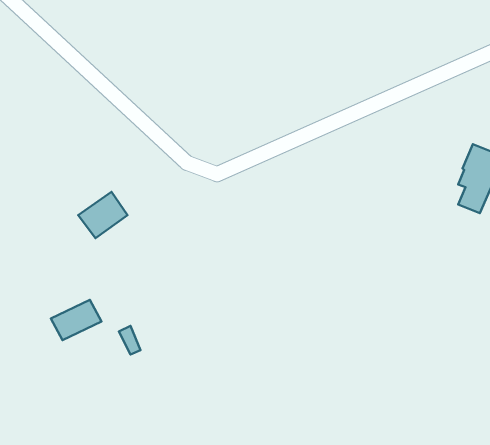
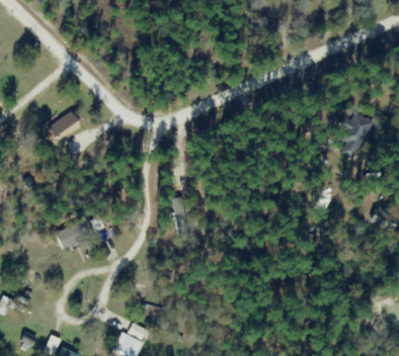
building: [78,192,127,238] -> [47,110,81,143]

